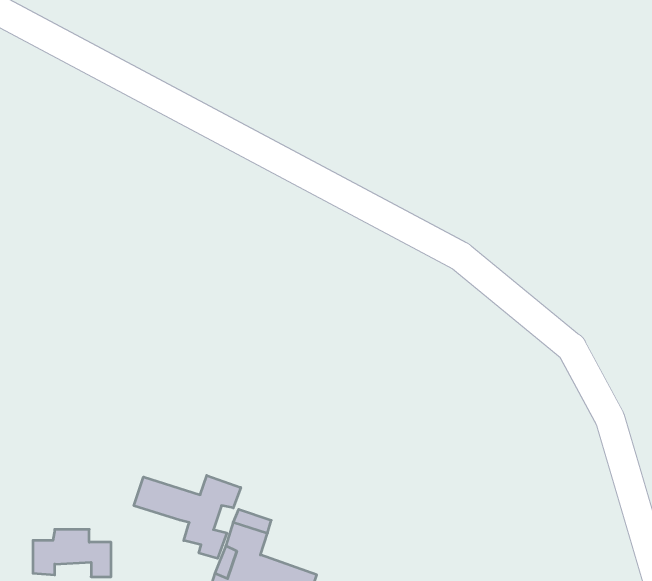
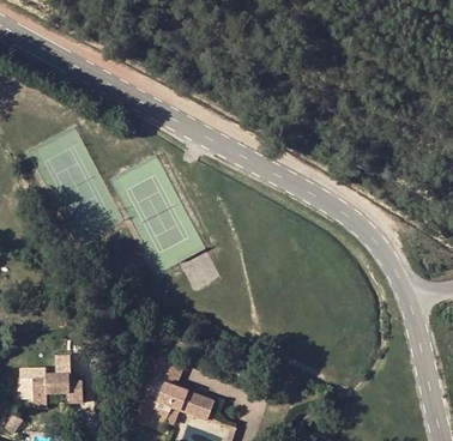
building: [134,475,241,558] -> none

